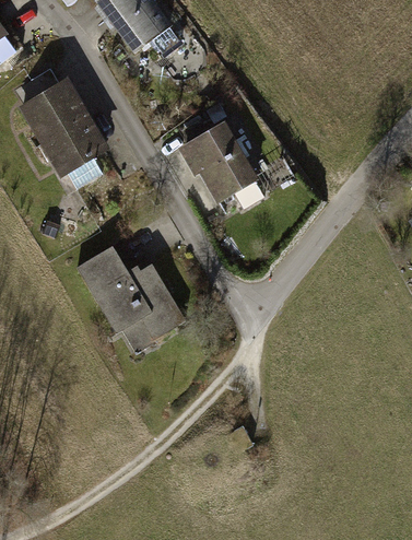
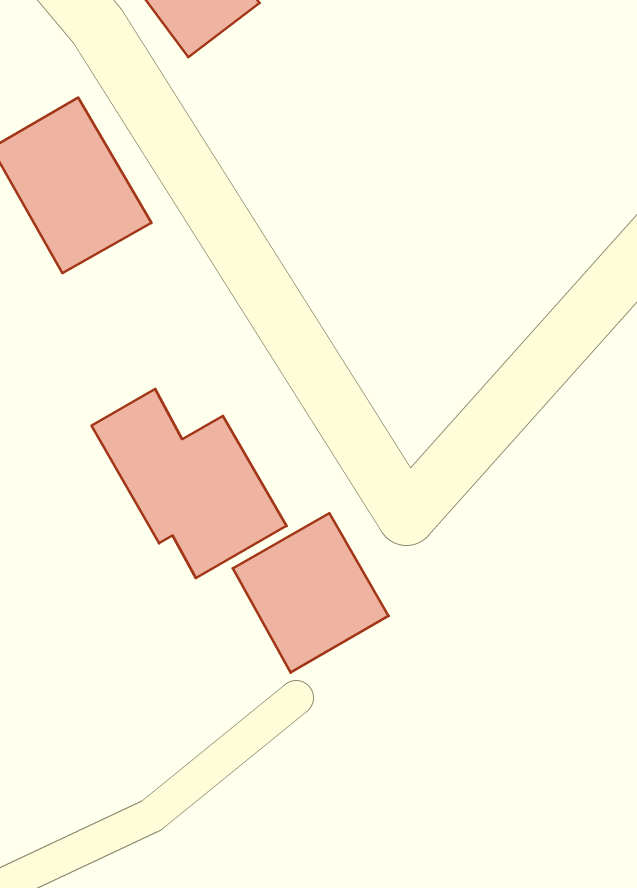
building: [179,124,258,208] -> none
building: none -> [233,513,389,673]

